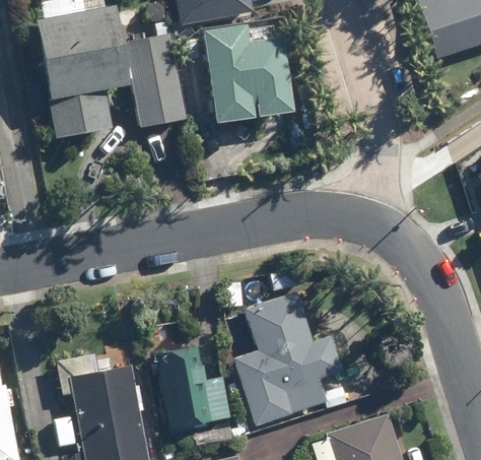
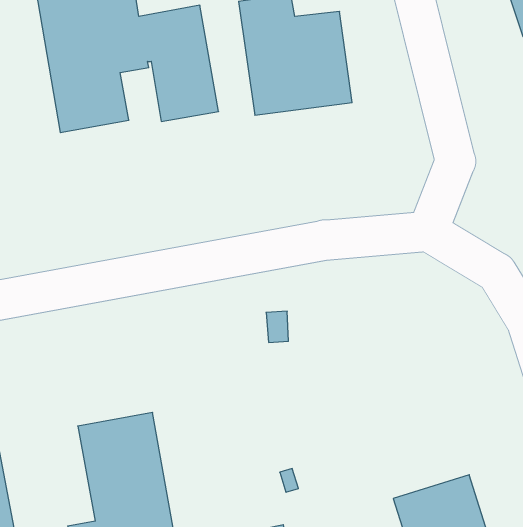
building: [232,290,346,424] -> none
building: [155,346,229,433] -> none

